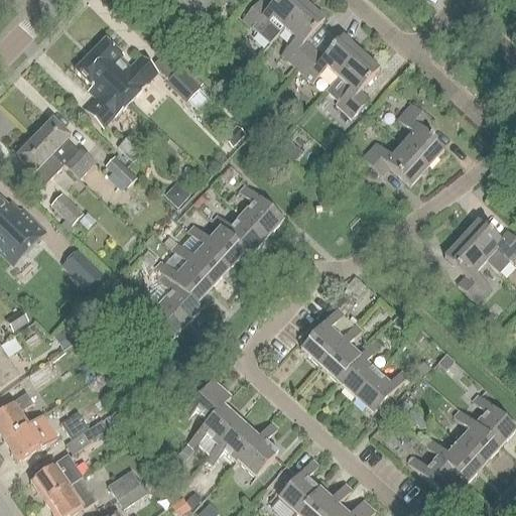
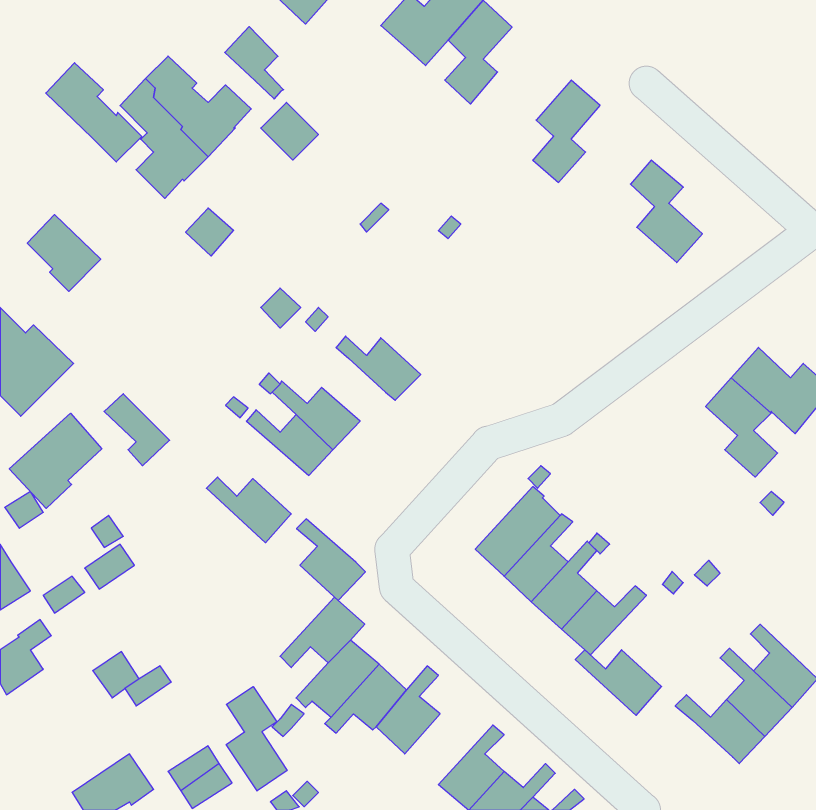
building: none -> [225,27,284,99]
building: [297,33,361,79] -> none
building: [35,116,96,178] -> [46,63,142,162]
building: [363,140,427,183] -> none
building: [105,155,136,187] -> none
building: [240,182,283,236] -> none
building: [45,191,87,231] -> none
building: [188,223,244,265] -> none
building: none -> [9,413,102,508]
building: [158,272,202,324] -> [297,519,365,601]
building: [5,421,57,460] -> none
building: none -> [226,687,287,791]
building: [31,452,83,499] -> none
building: [408,454,463,495] -> [575,650,662,715]

